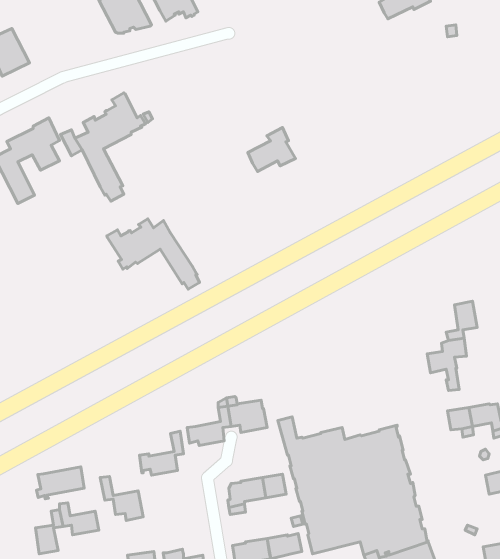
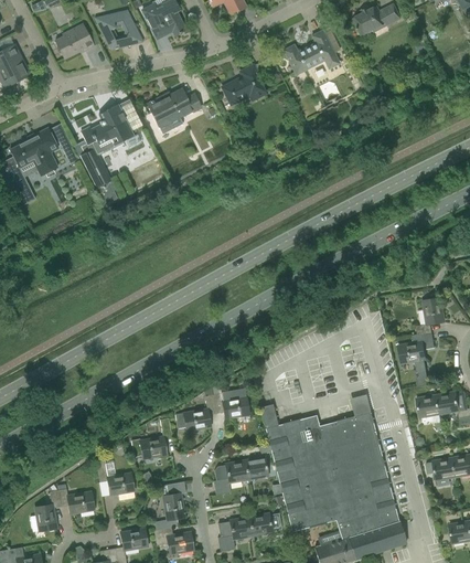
building: none -> [56,24,95,59]
building: none -> [284,30,340,75]
building: none -> [148,88,202,134]
building: [248,128,296,172] -> [223,64,267,105]
building: [107,219,199,289] -> none
building: [37,467,84,499] -> none
building: none -> [426,458,456,479]
building: none -> [153,481,186,530]

